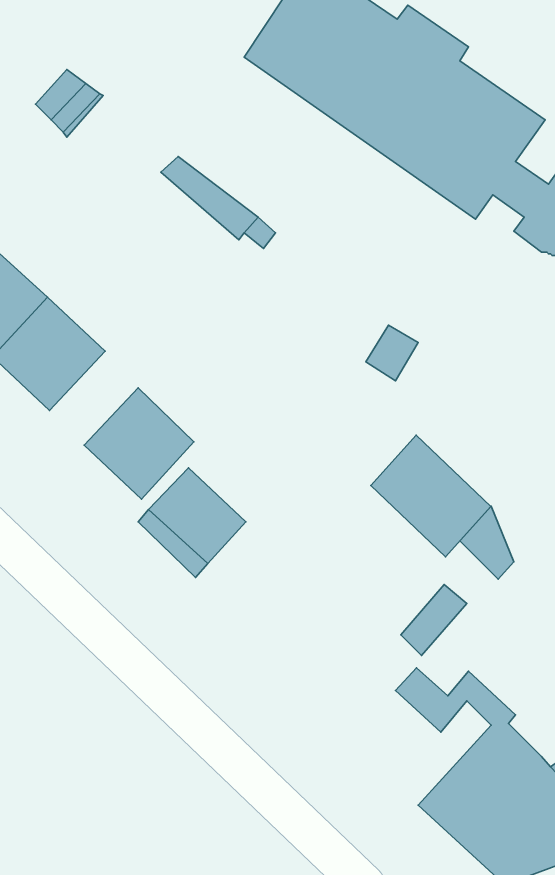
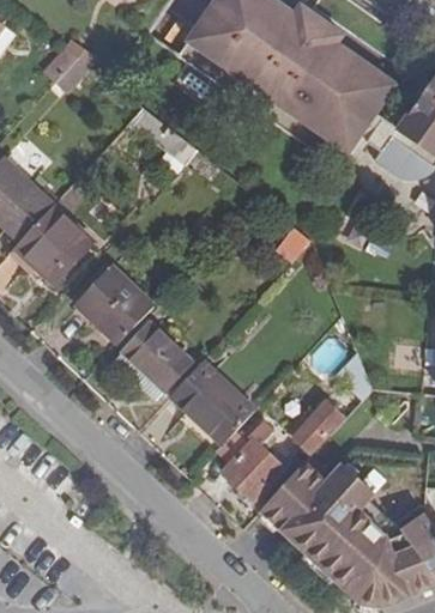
building: [371,435,491,557] -> [169,359,252,443]
building: none -> [219,419,283,502]
building: none -> [259,475,357,554]

